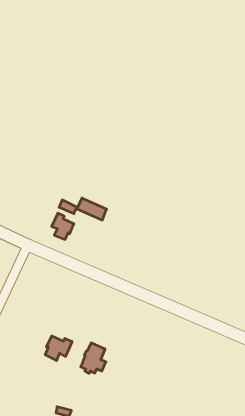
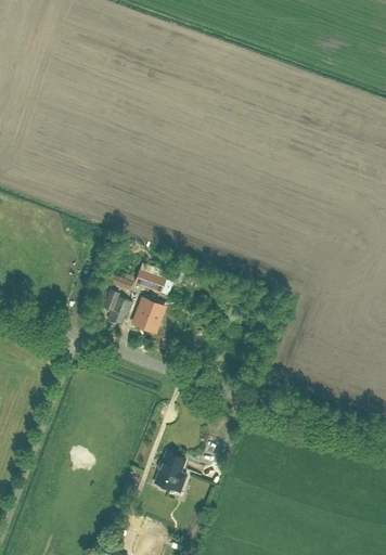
building: none -> [136,297,166,331]
building: [45,336,72,361] -> none

